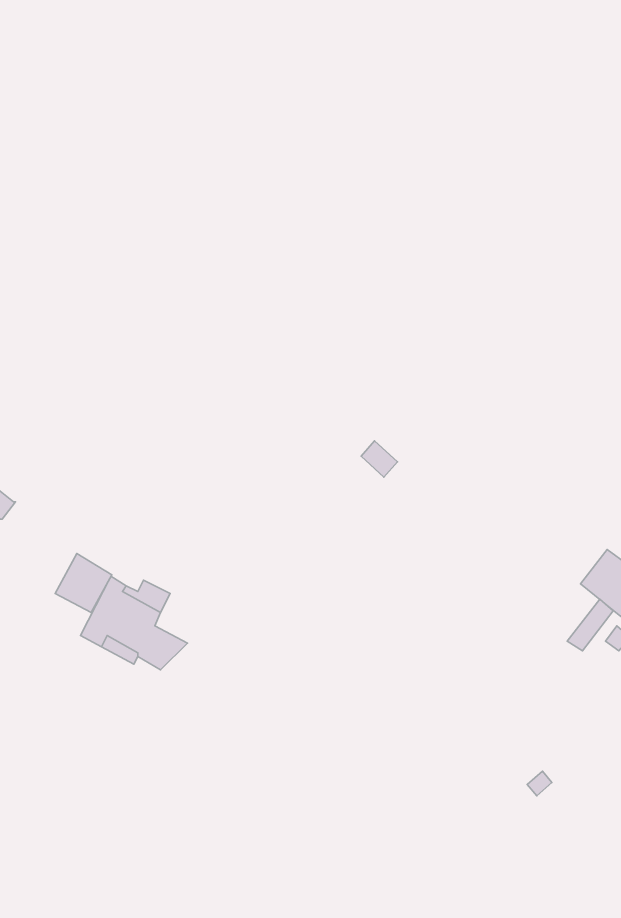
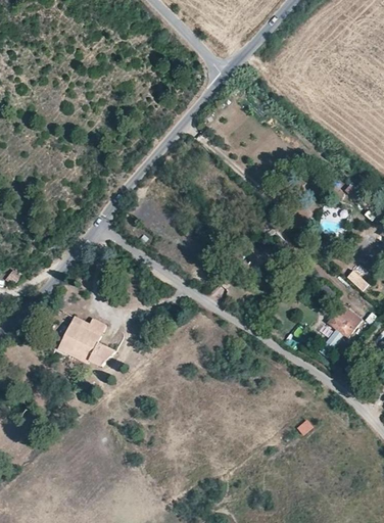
building: [55,553,112,612] -> none

